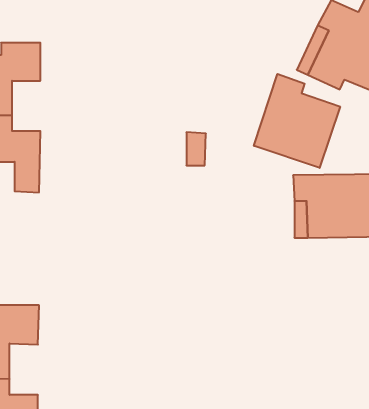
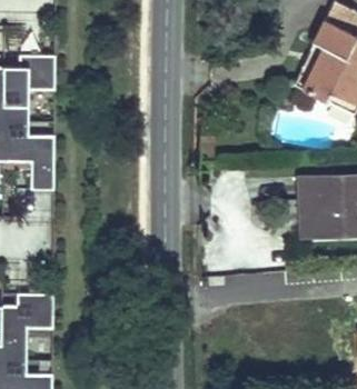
building: [254,74,340,168] -> none

